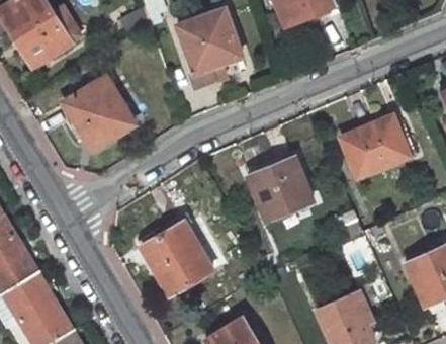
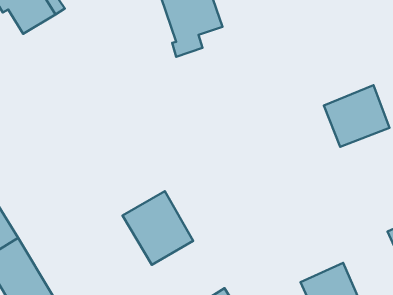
building: [67,78,137,151] -> none
building: [240,149,313,221] -> none

